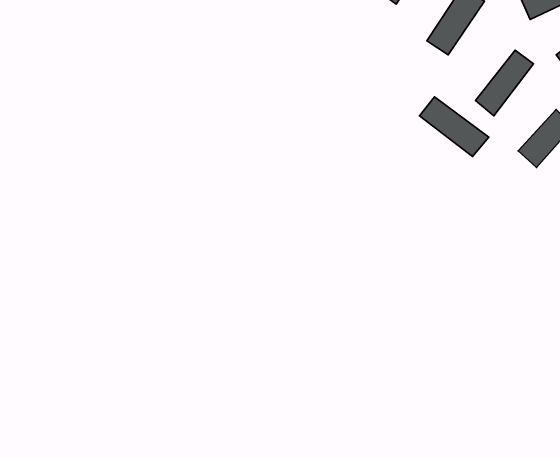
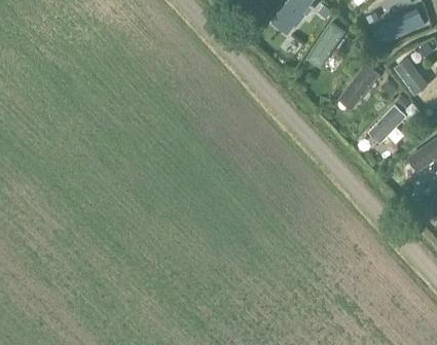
building: [420,97,489,156] -> none

